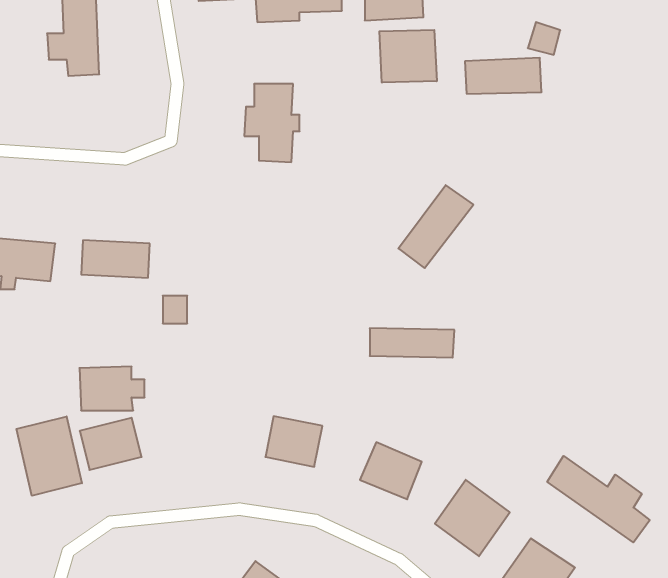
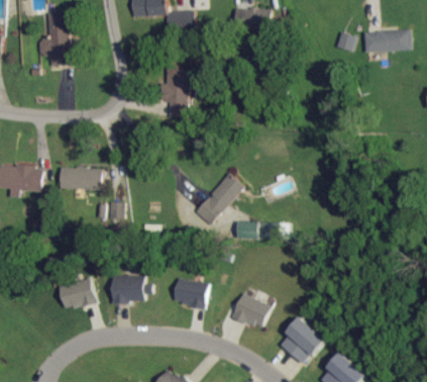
building: [379,30,437,83] -> none
building: [465,58,542,94] -> [363,29,411,52]
building: [398,185,473,268] -> [197,173,243,224]
building: [79,367,145,410] -> [111,274,151,301]
building: [16,416,82,496] -> none
building: [547,456,650,542] -> none

